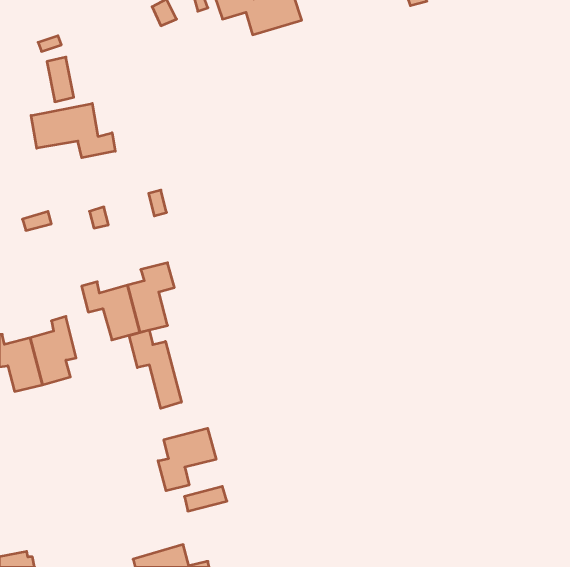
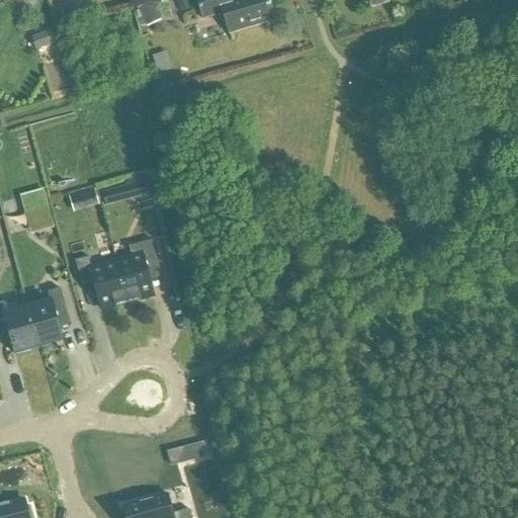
building: [31,103,115,158] -> none
building: [129,330,181,408] -> none
building: [158,428,216,491] -> none

